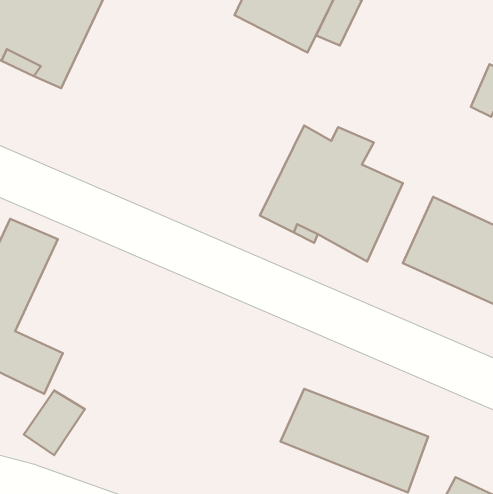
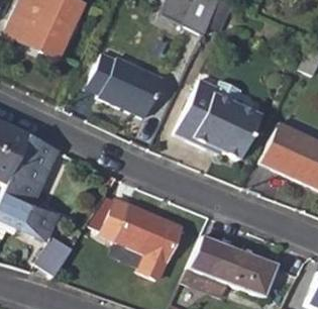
building: none -> [87,54,166,119]
building: none -> [88,196,181,276]

